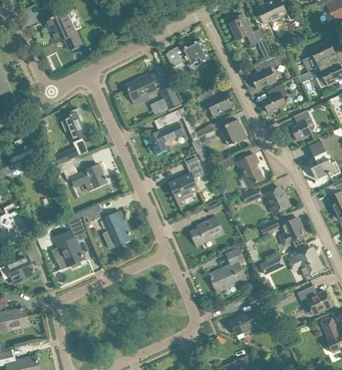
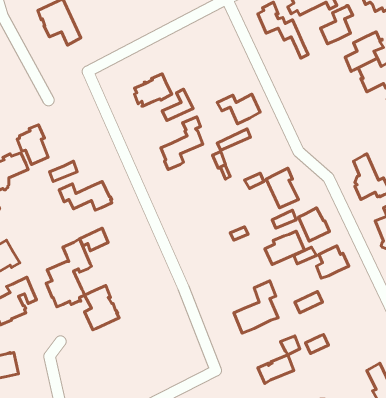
building: [164,38,210,67] -> none
building: [250,56,277,88] -> [320,6,353,44]
building: [262,83,286,112] -> none
building: [60,108,86,141] -> [17,125,48,164]
building: [289,109,314,139] -> none
building: [220,118,247,144] -> none
building: [168,156,204,202] -> none
building: [101,211,130,248] -> [84,285,119,330]
building: [190,217,223,245] -> [265,231,304,264]
building: [288,248,321,276] -> none
building: [297,285,331,314] -> none

